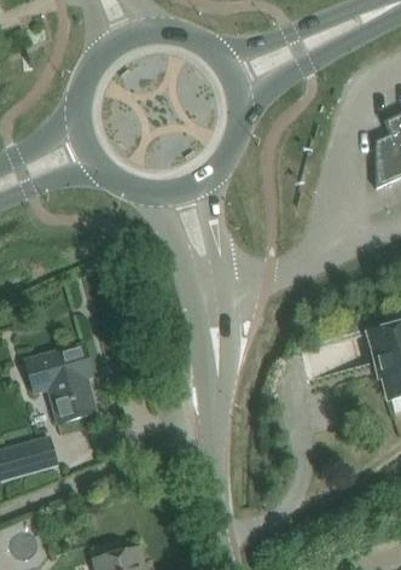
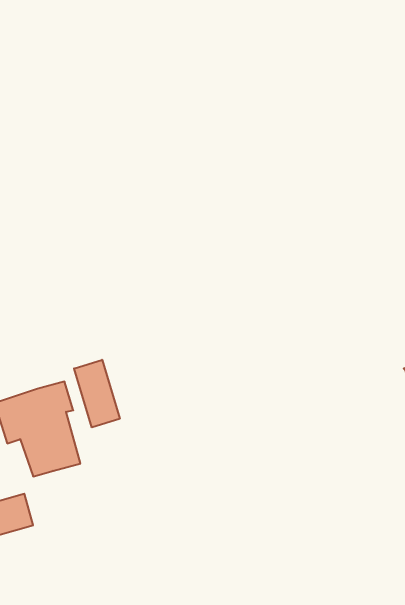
building: none -> [74,360,120,427]

